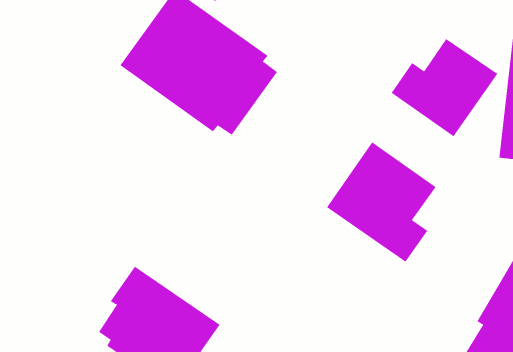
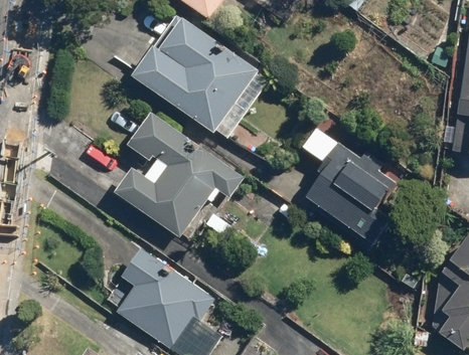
building: [391,38,498,137] -> none
building: none -> [113,109,240,235]

